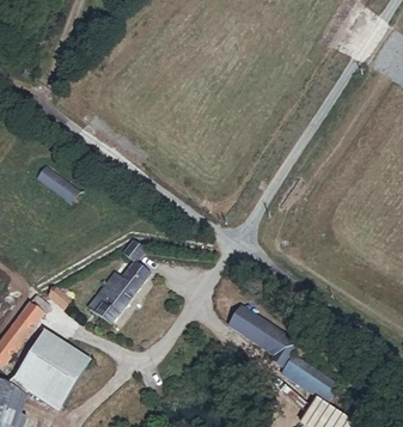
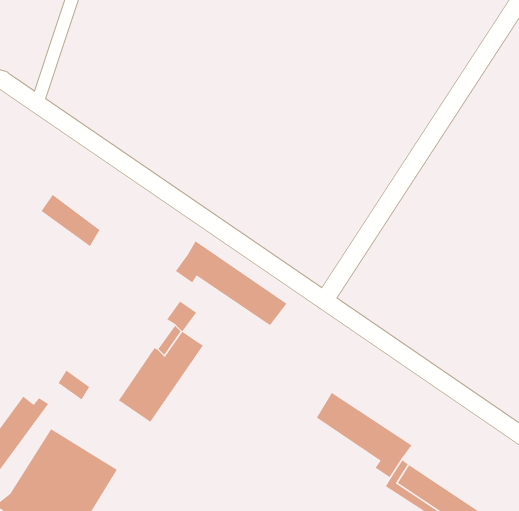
building: none -> [175,240,287,326]

